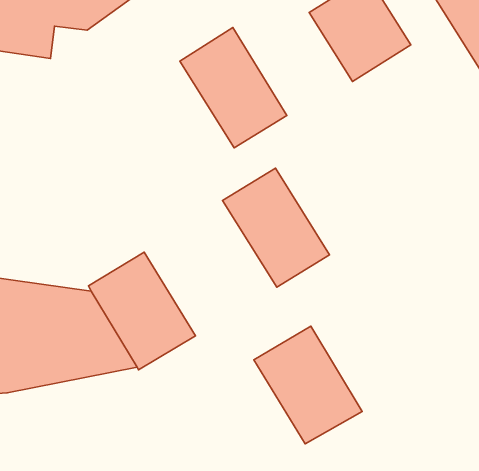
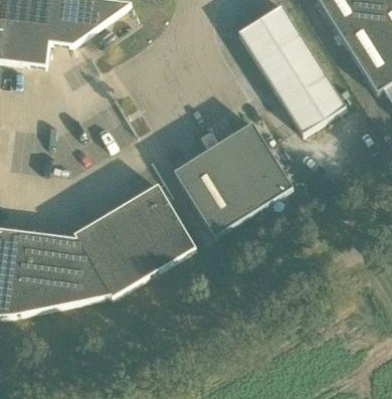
building: [180,27,287,148] -> [213,121,292,210]
building: none -> [270,54,346,133]
building: [254,326,362,444] -> [116,183,196,270]

